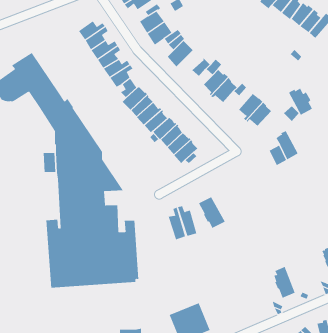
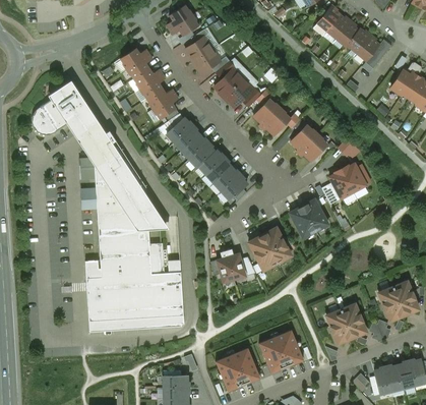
building: none -> [225,79,253,108]
building: [288,88,313,115] -> [342,160,368,189]
building: none -> [290,199,328,238]
building: none -> [262,228,291,263]
building: none -> [341,305,366,338]
building: none -> [259,330,304,373]

